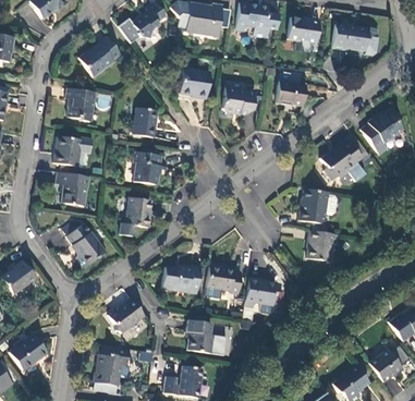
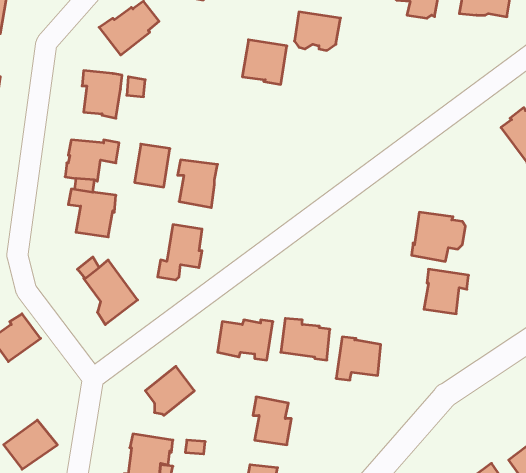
building: [276,80,306,105] -> none
building: [222,86,255,113] -> [294,12,341,50]
building: [132,106,157,136] -> [135,144,170,187]
building: [320,136,362,179] -> none

